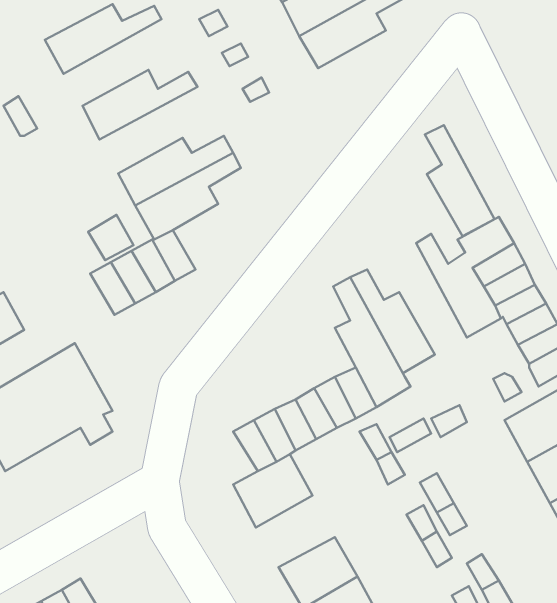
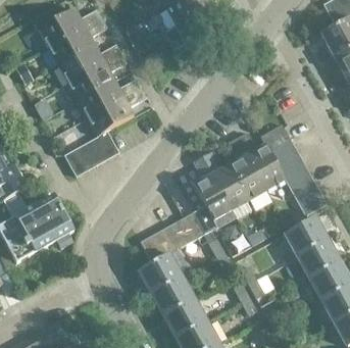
building: none -> [47,17,105,64]
building: none -> [66,54,124,101]
building: [425,125,495,236] -> [228,139,265,199]
building: none -> [151,276,194,314]

